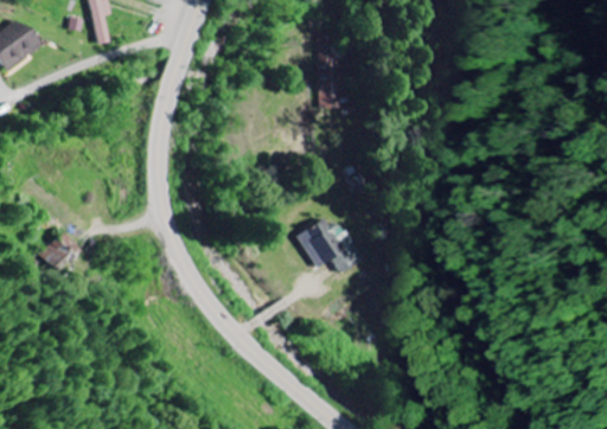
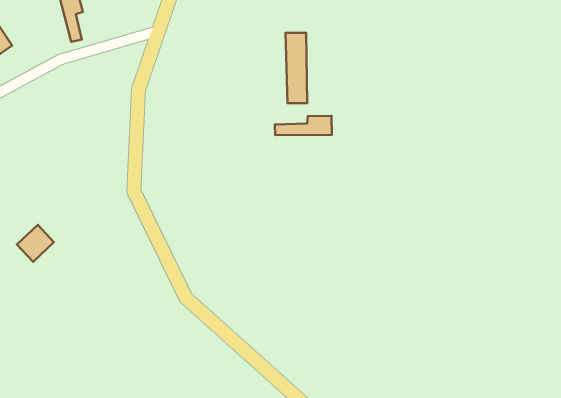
building: none -> [275,116,332,135]
building: [294,219,356,269] -> none

